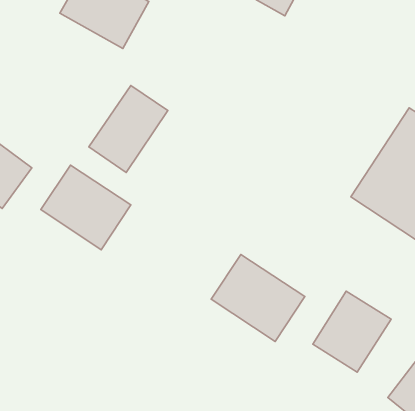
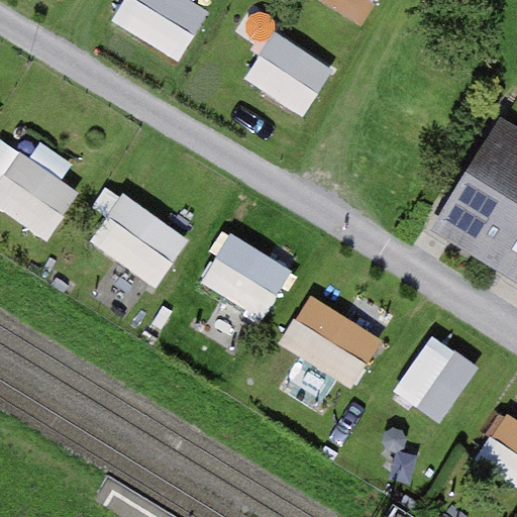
building: none -> [242,29,335,117]
building: [89,86,168,173] -> none
building: none -> [197,230,293,319]

